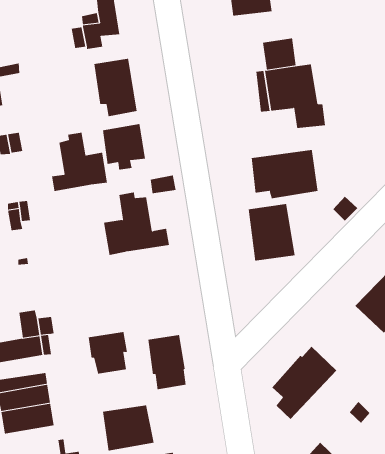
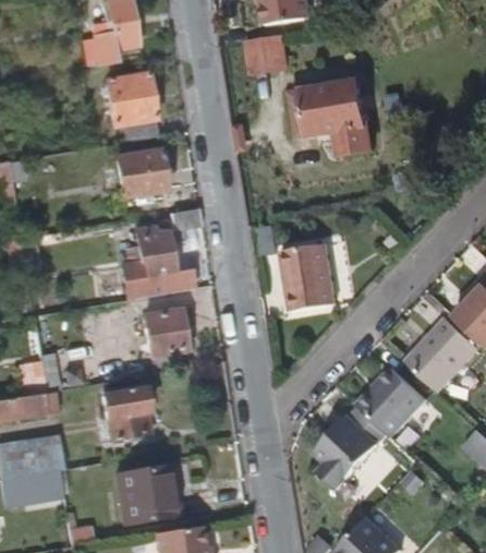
building: [262,38,297,70] -> [244,36,283,73]
building: [51,132,108,192] -> none
building: [251,149,318,199] -> none
building: none -> [355,364,425,435]
building: [147,335,186,390] -> [142,310,186,373]

